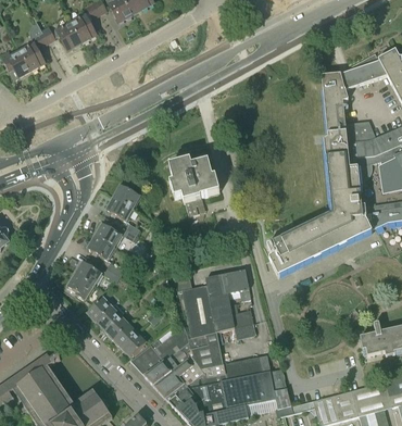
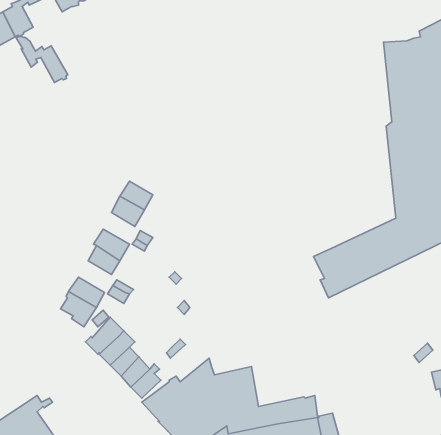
building: none -> [16,37,68,82]
building: [168,160,219,216] -> none
building: [174,270,255,339] -> none

